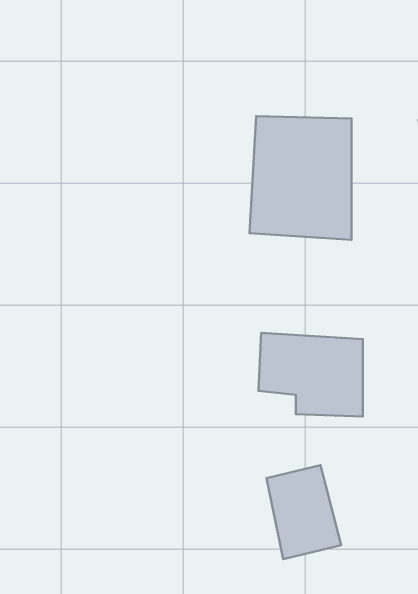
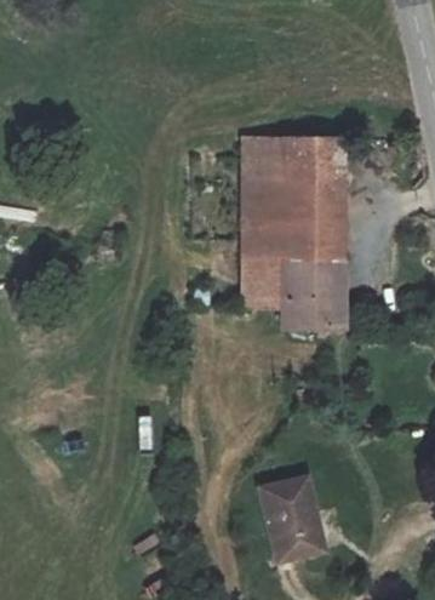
building: [259,333,363,417] -> [240,250,338,328]

